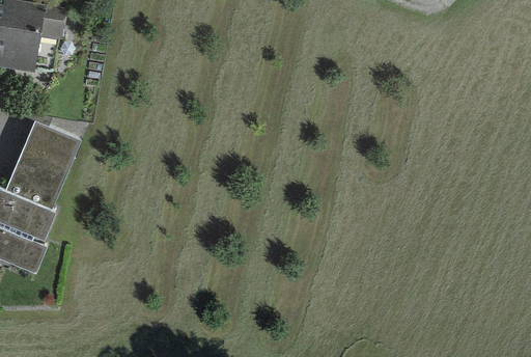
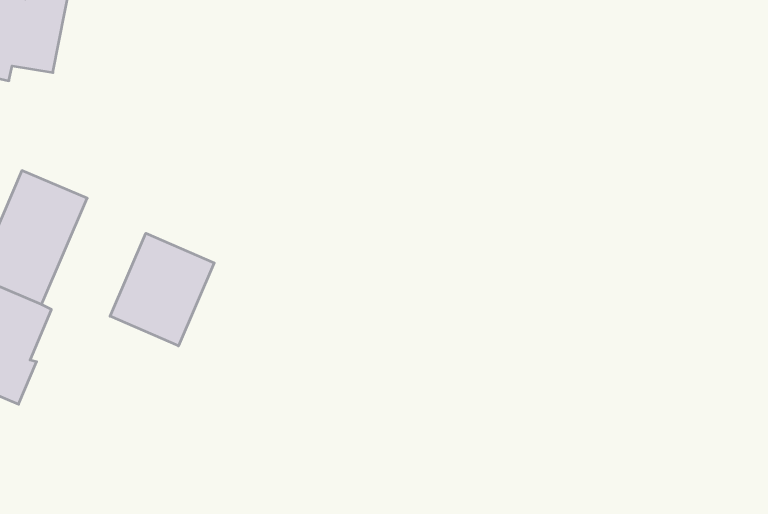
building: none -> [110,233,214,346]

